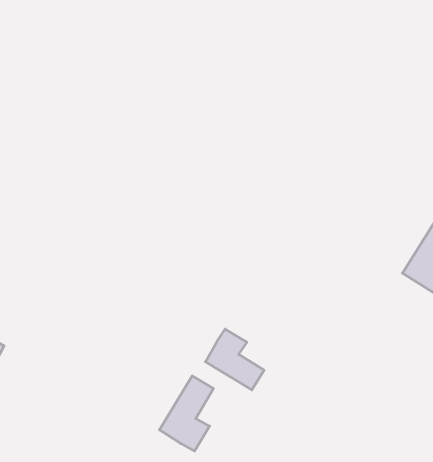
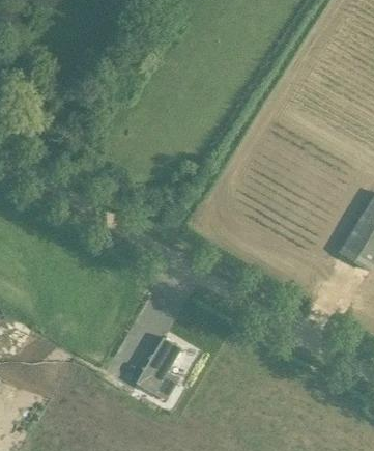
building: [205,329,264,390] -> none

